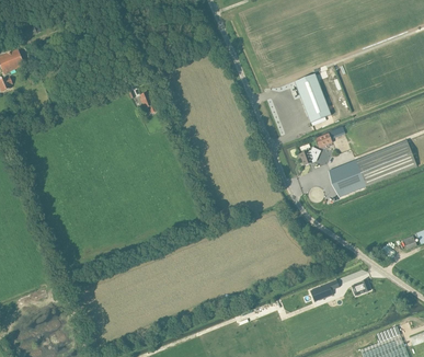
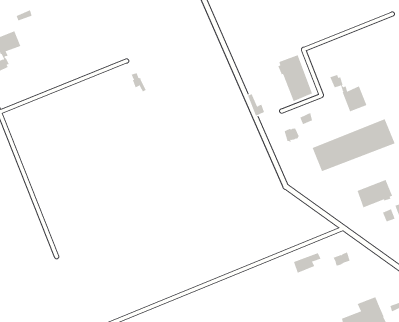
building: none -> [330,74,367,112]
building: none -> [357,179,393,208]

